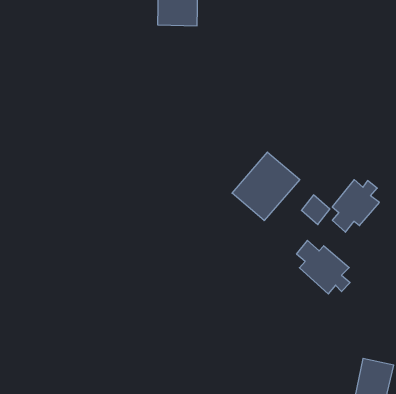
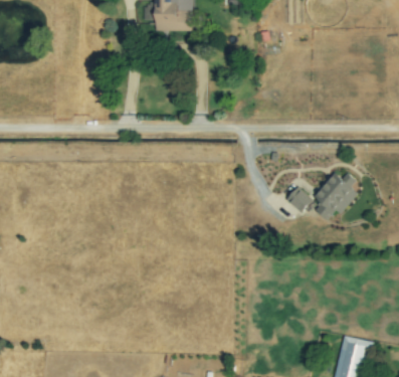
building: [232,152,300,221] -> none
building: [297,240,350,294] -> none

